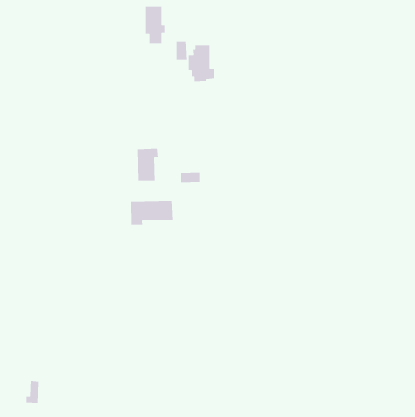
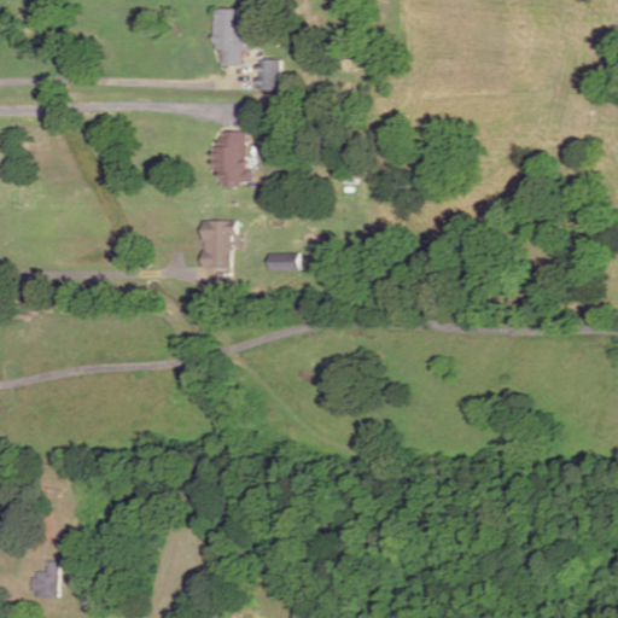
building: [188,45,215,82] -> [211,132,251,187]
building: [130,200,173,225] -> none

